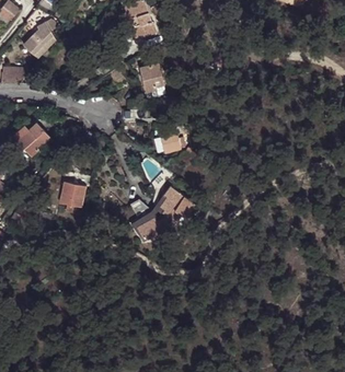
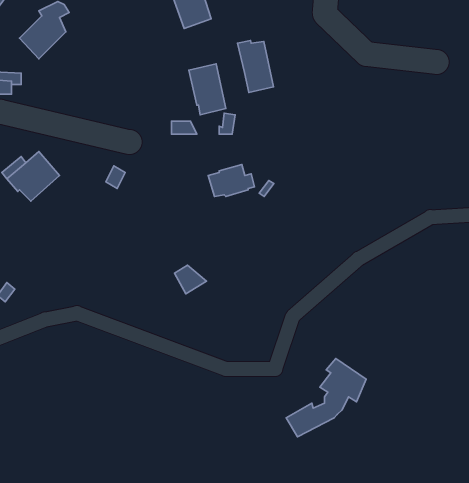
building: none -> [237,40,274,92]
building: [59,181,85,212] -> none
building: [136,187,191,241] -> [286,359,366,437]

